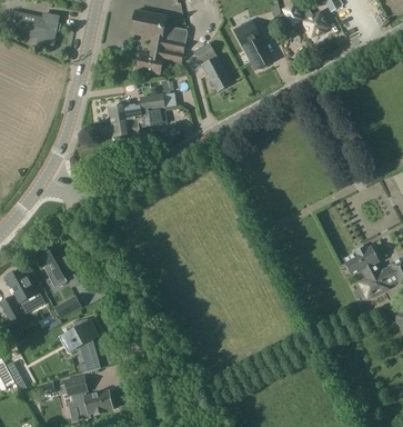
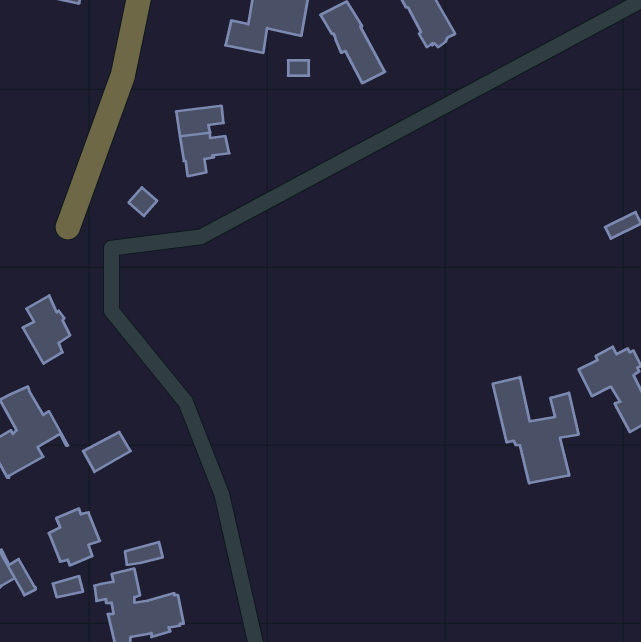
building: [139,92,164,126] -> none
building: [42,247,70,287] -> [23,295,70,364]
building: none -> [493,377,578,483]
building: [69,317,99,350] -> [49,509,100,565]

